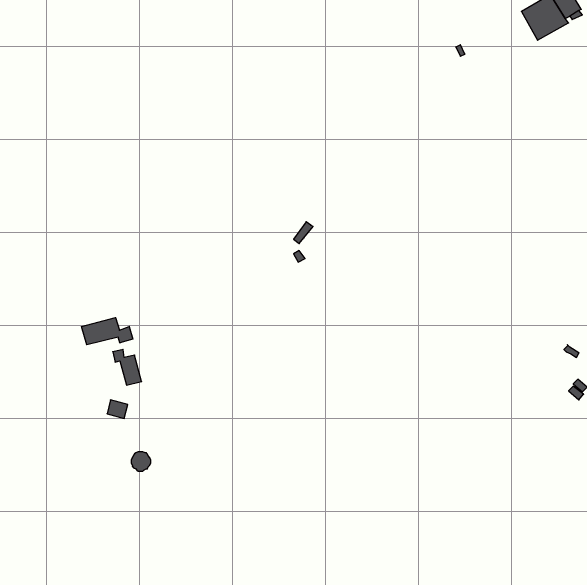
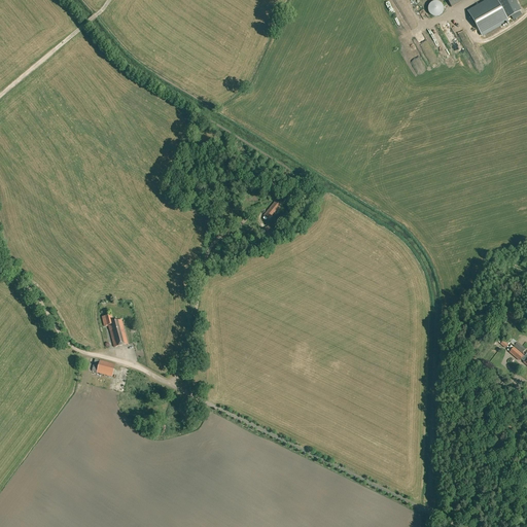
building: [81,318,133,345] -> none

